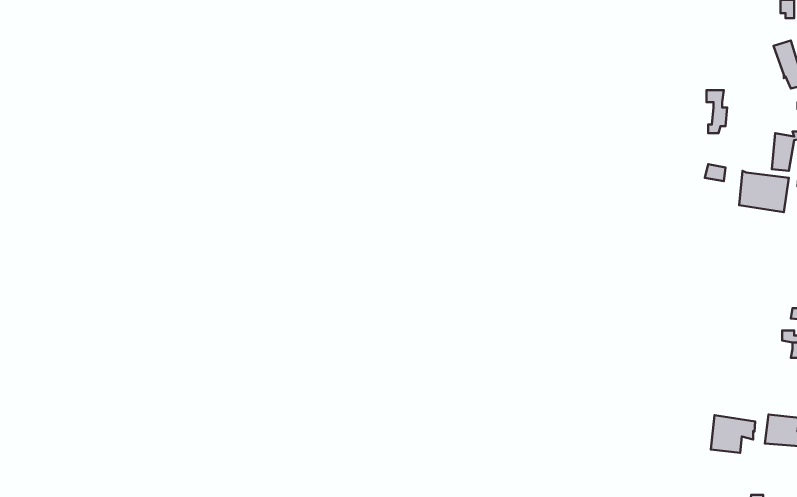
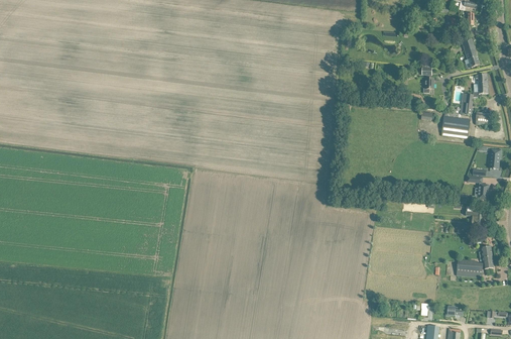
building: [711,415,755,453] -> none

